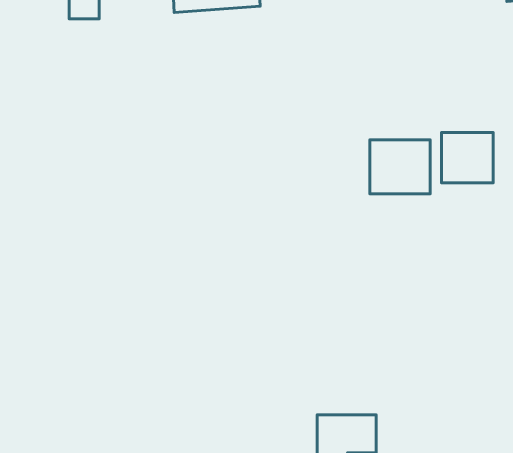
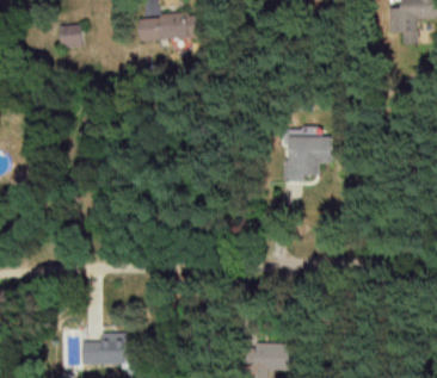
building: [442,132,493,183] -> none
building: none -> [84,334,141,365]

